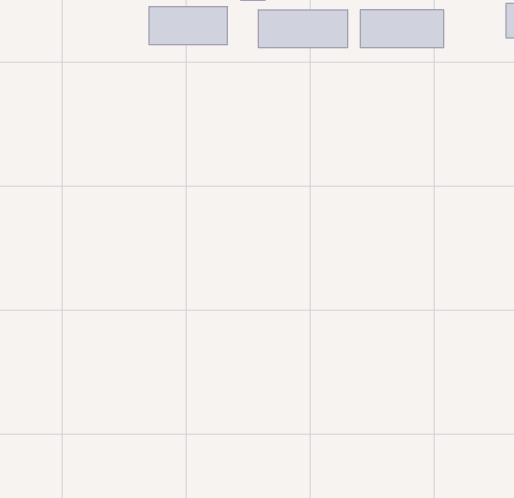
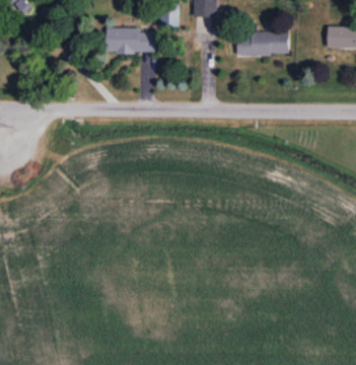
building: [258,10,347,48] -> none

